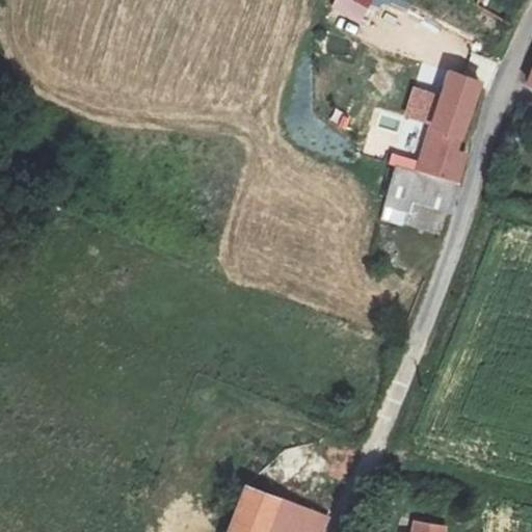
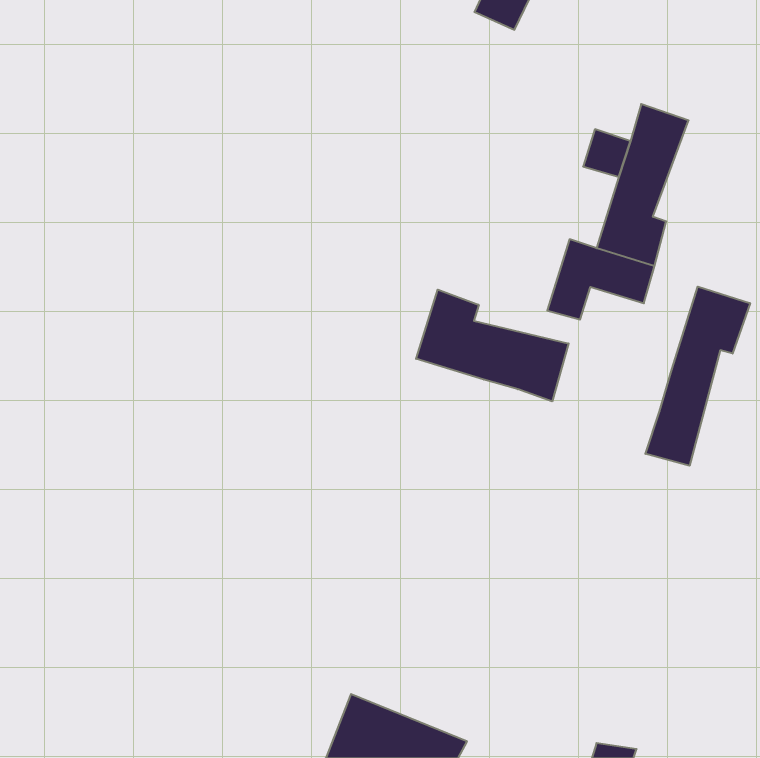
building: none -> [645,287,750,466]
building: none -> [416,290,569,401]

